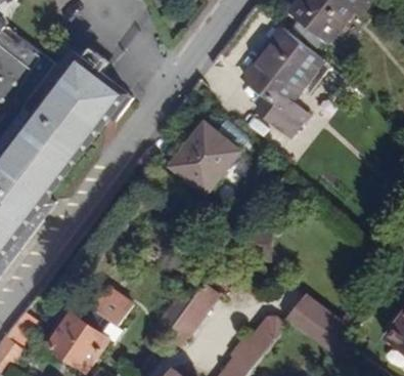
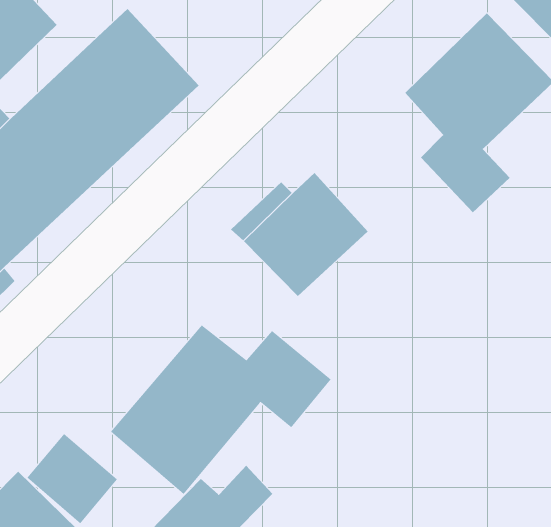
building: none -> [110,324,331,495]

